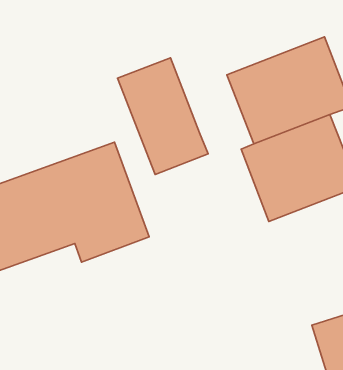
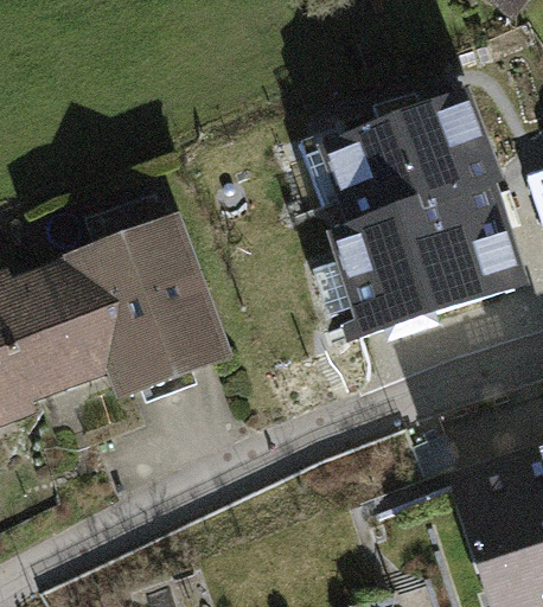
building: [118,58,208,174] -> none

